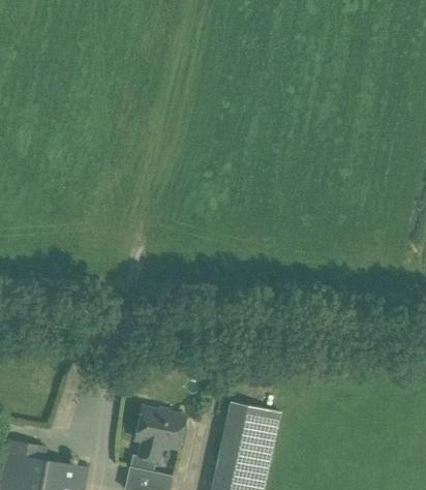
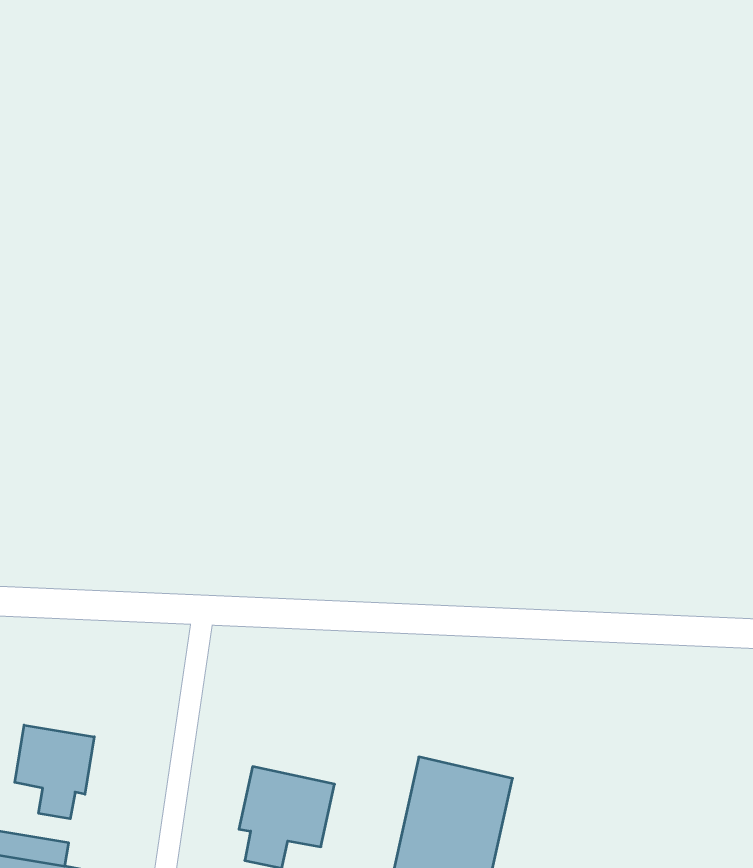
building: none -> [15,725,94,819]

